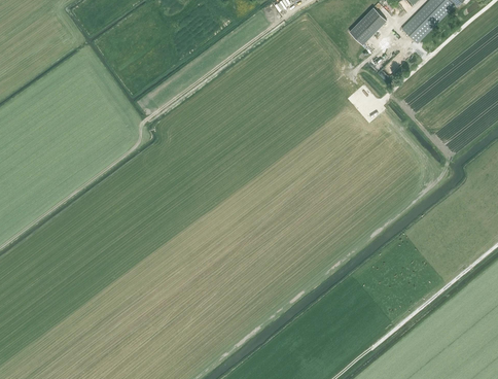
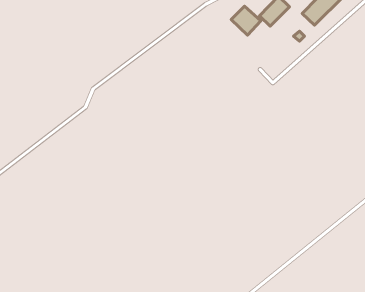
building: none -> [231,6,261,35]

